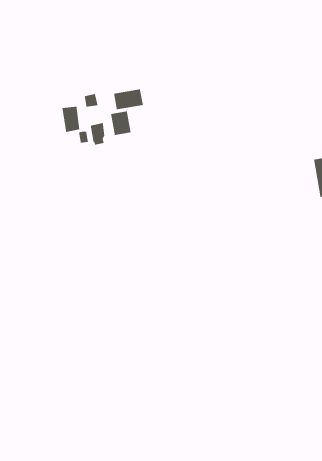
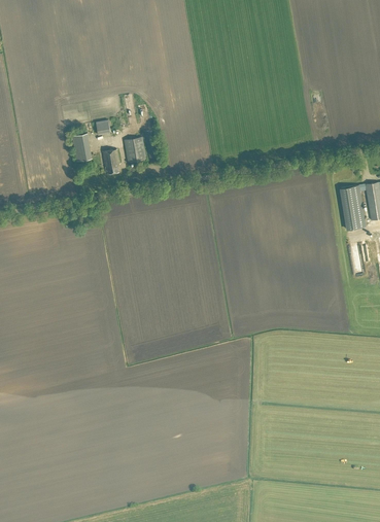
building: [113,88,144,110] -> none

